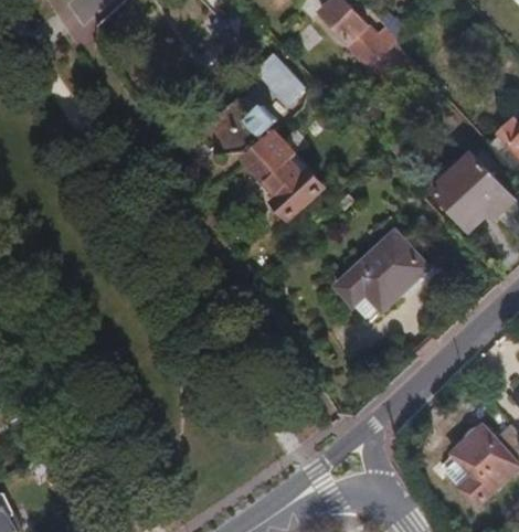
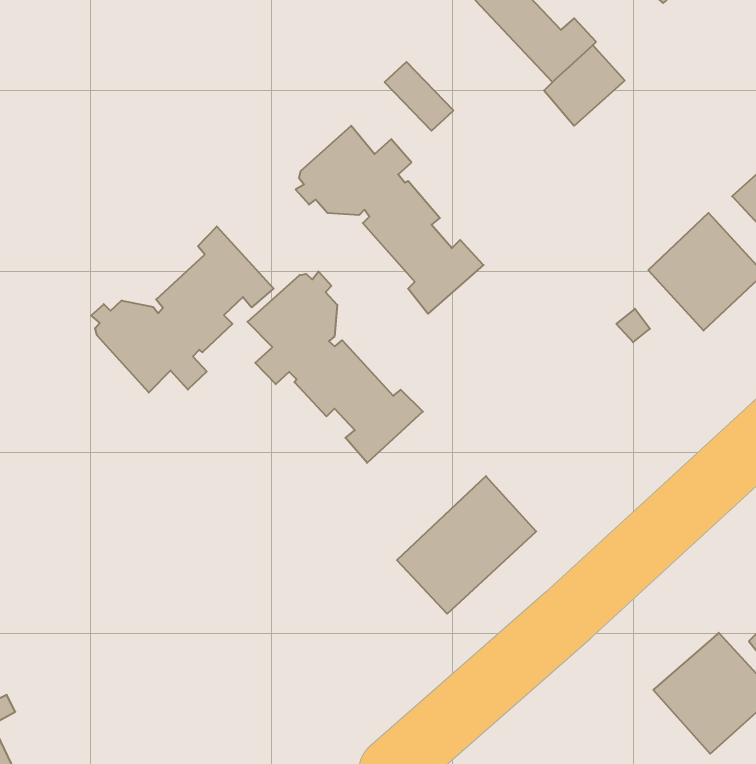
building: none -> [91,226,274,393]
building: none -> [247,271,423,463]
building: [336,231,427,321] -> [397,476,536,614]

